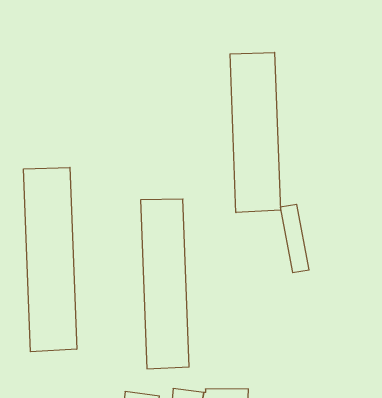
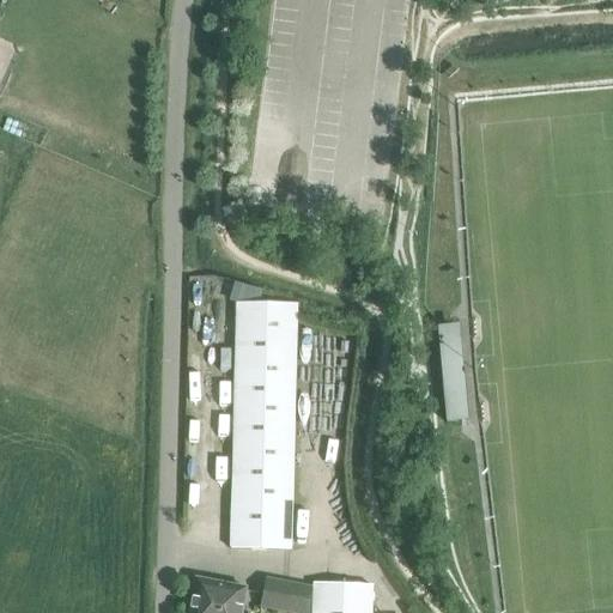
building: [230,52,280,213] -> none
building: [24,167,77,352] -> none

